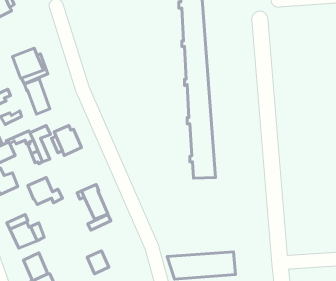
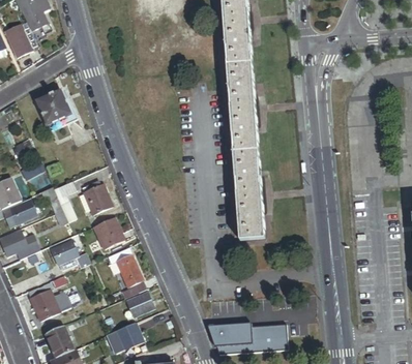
building: [24,79,50,114] -> none
building: none -> [93,216,124,248]
building: none -> [126,292,155,316]

